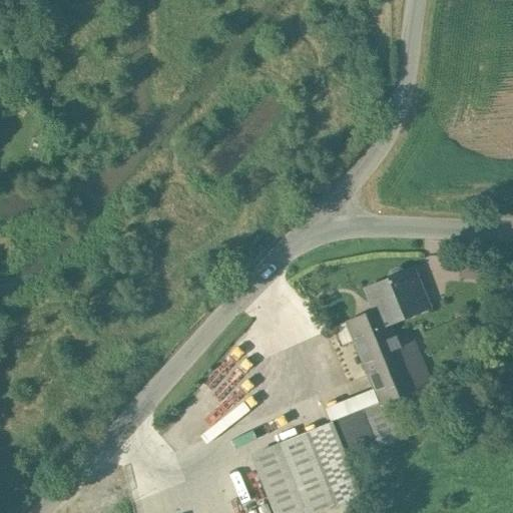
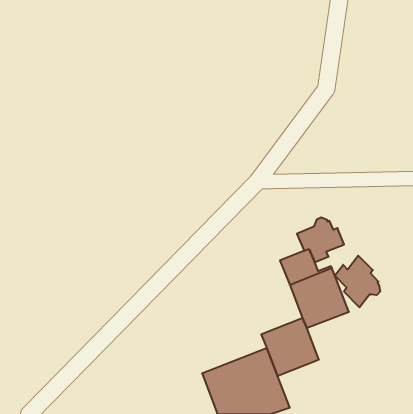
building: none -> [335,256,380,307]

